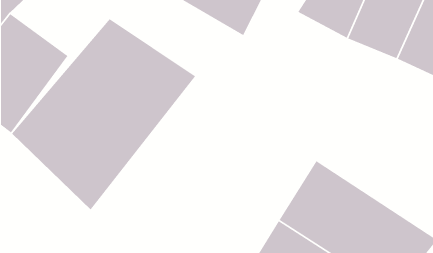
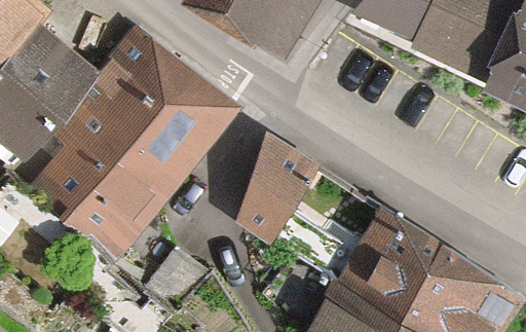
building: none -> [240,128,313,248]

